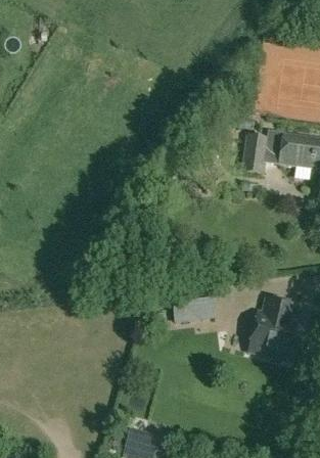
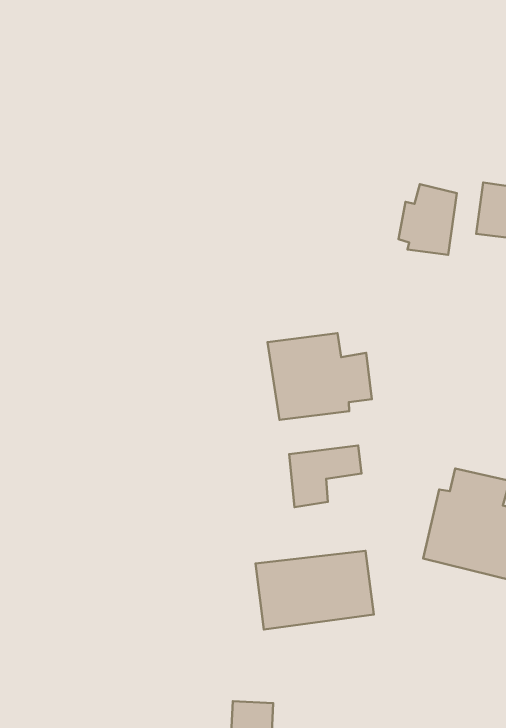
building: none -> [268,333,372,420]
building: none -> [255,551,374,629]

